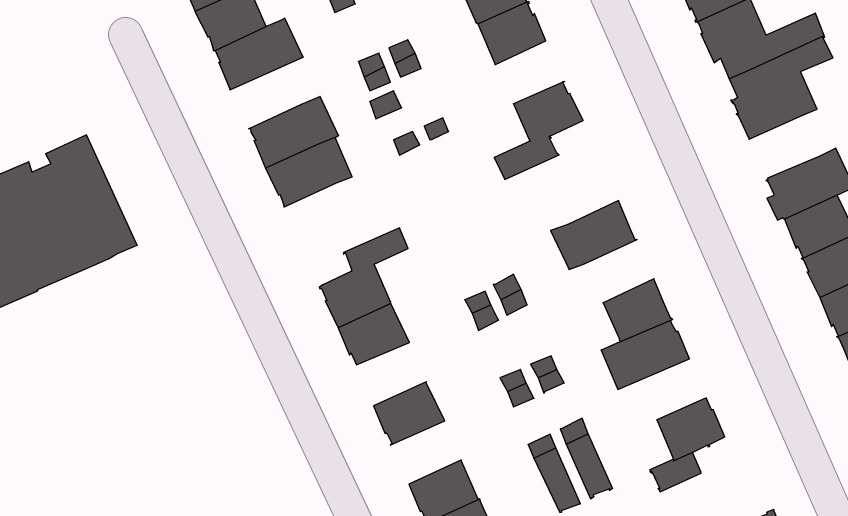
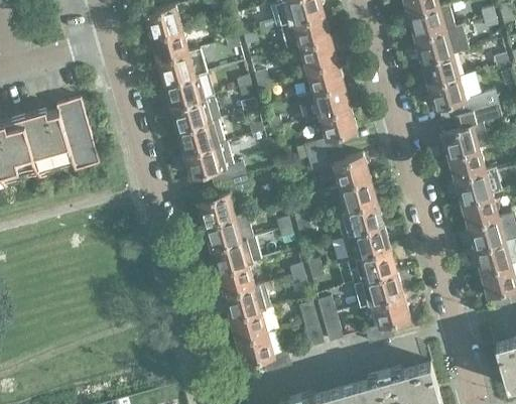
building: none -> [312,83,350,115]
building: none -> [163,72,213,107]
building: none -> [447,145,486,177]
building: none -> [308,147,370,186]
building: none -> [183,144,246,183]
building: none -> [346,200,383,233]
building: none -> [210,236,260,271]
building: none -> [354,271,402,305]
building: none -> [223,283,270,317]

